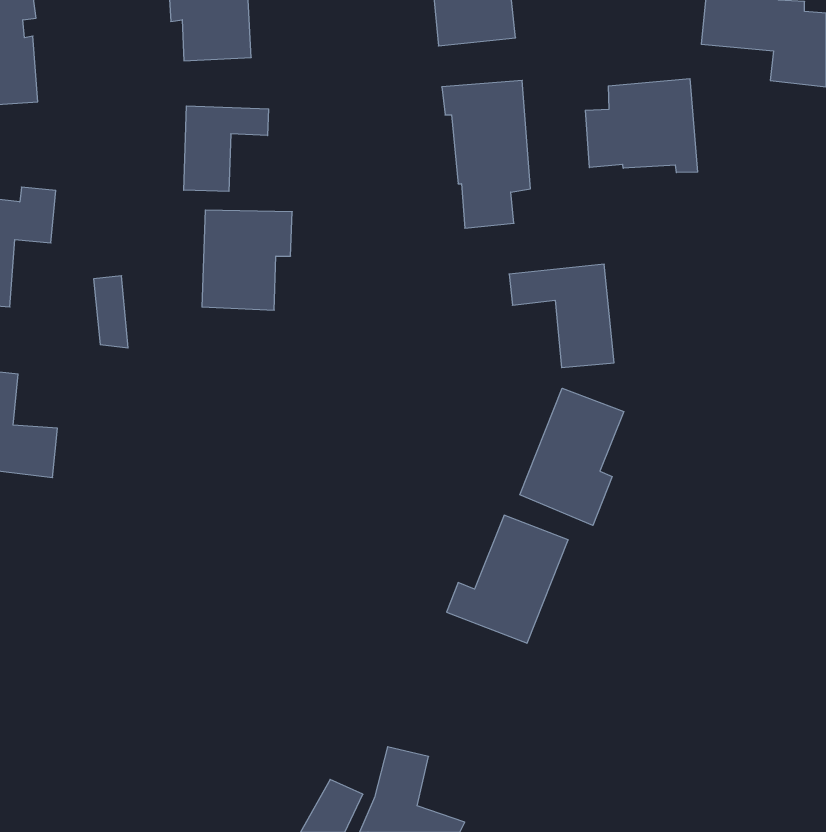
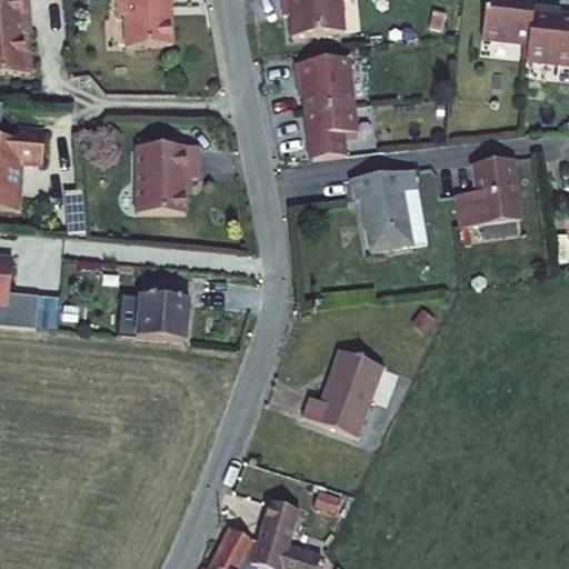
building: [585,79,698,173] -> none
building: [184,106,269,191] -> none
building: none -> [453,168,517,233]
building: [520,388,624,525] -> none
building: none -> [136,289,192,338]

